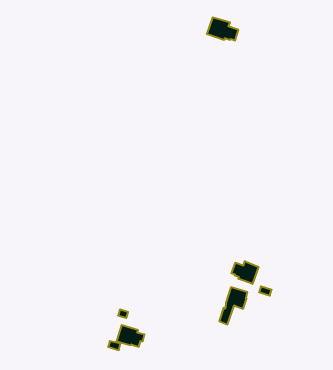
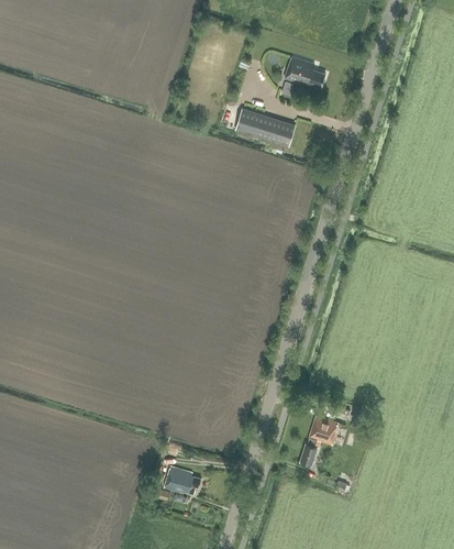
building: none -> [235,110,295,146]
building: [231,261,258,284] -> none

